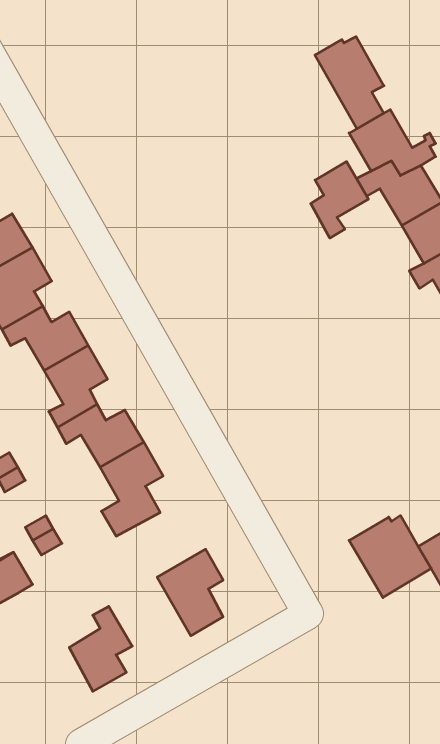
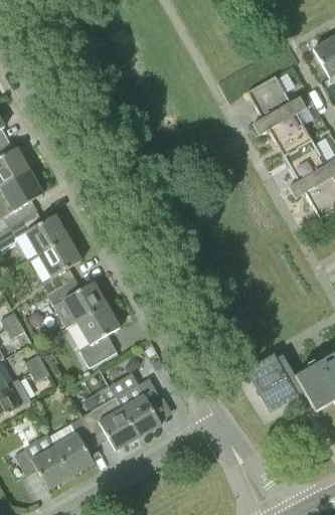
building: [315,37,384,129] -> none
building: [311,162,368,238] -> none
building: none -> [81,396,138,450]
building: none -> [14,445,70,488]

